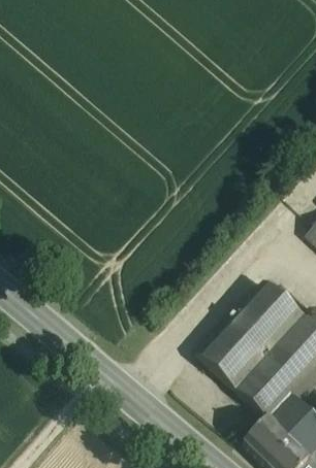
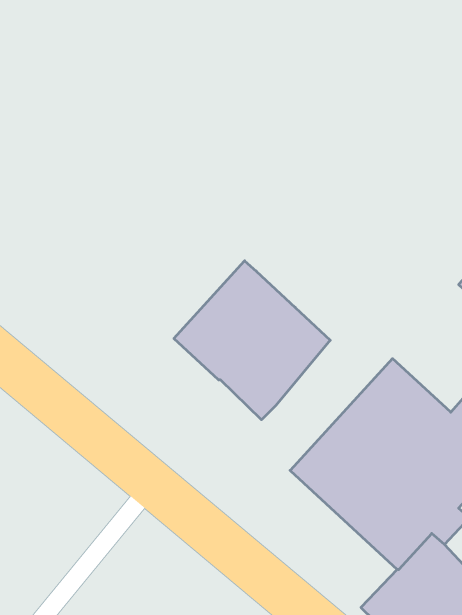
building: none -> [174,261,330,420]

